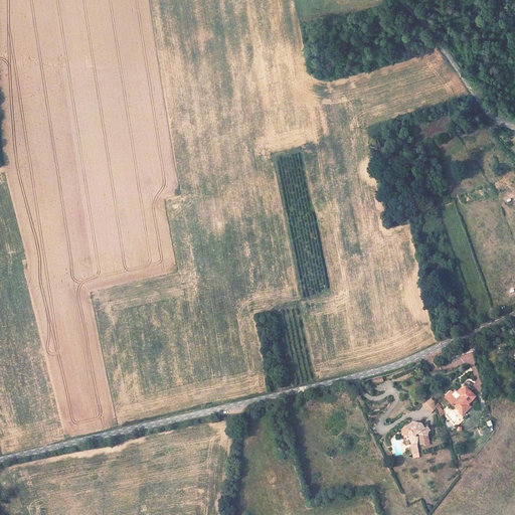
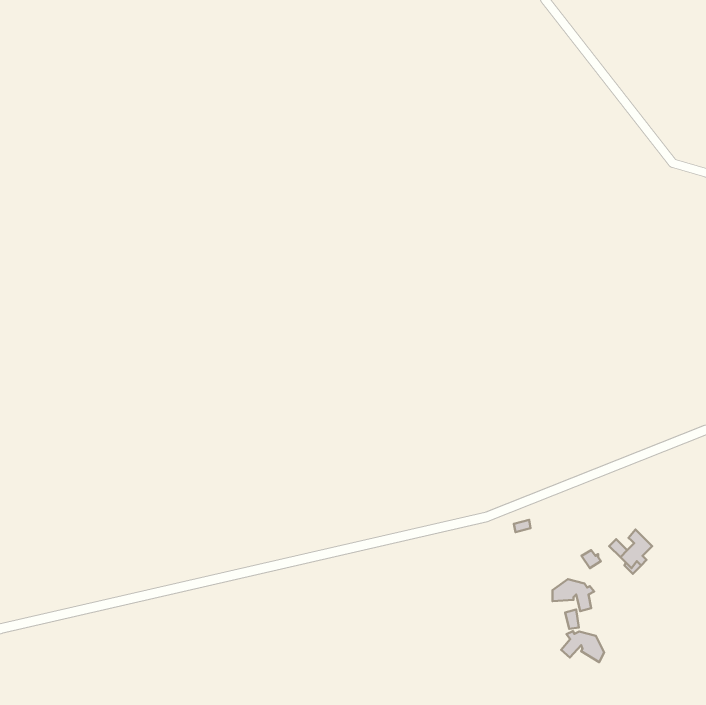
building: none -> [561,631,604,662]

